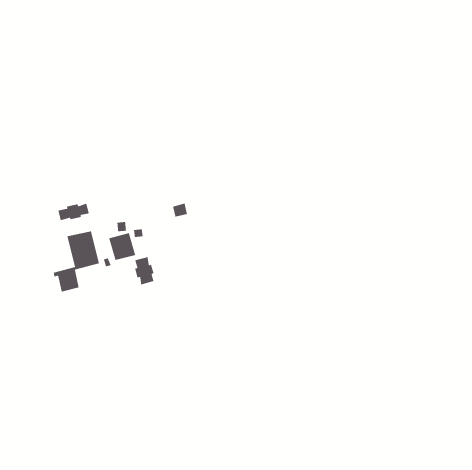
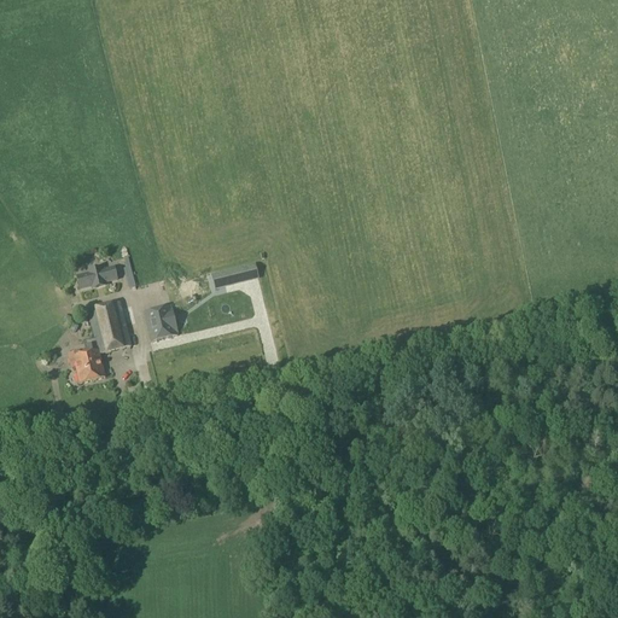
building: [134,256,154,285] -> none

